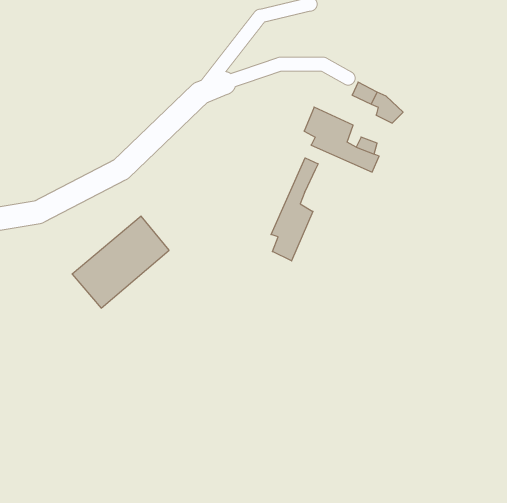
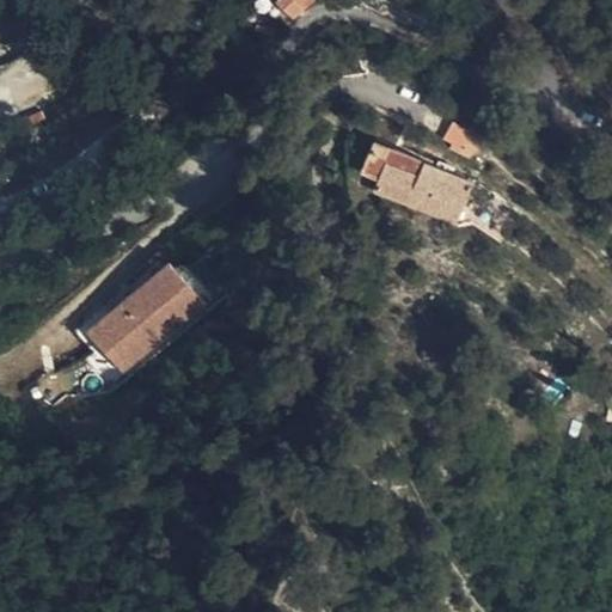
building: [271,158,318,261] -> none

